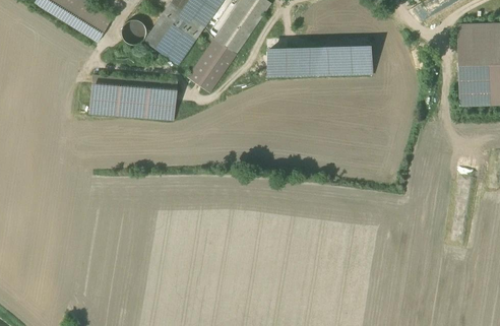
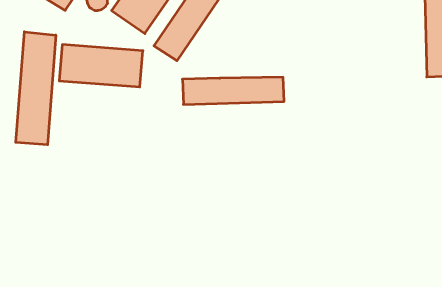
building: [267,50,370,77] -> [182,77,284,104]
building: none -> [16,32,56,145]

